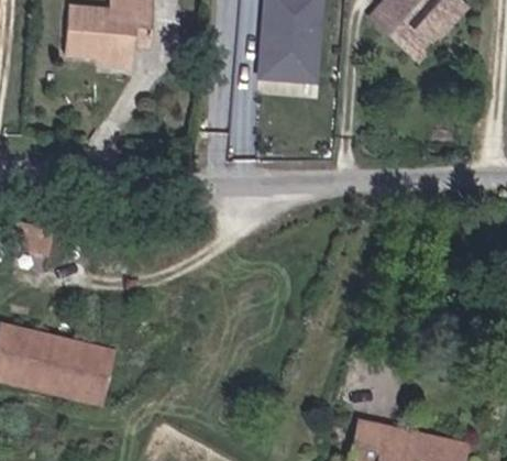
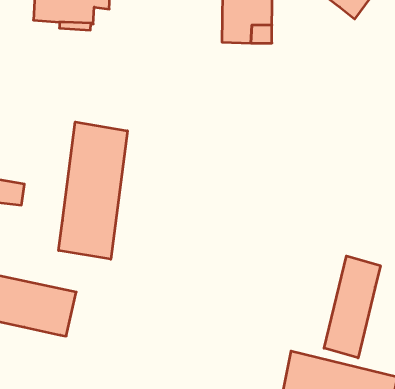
building: none -> [59,122,127,259]
building: none -> [324,256,380,358]

